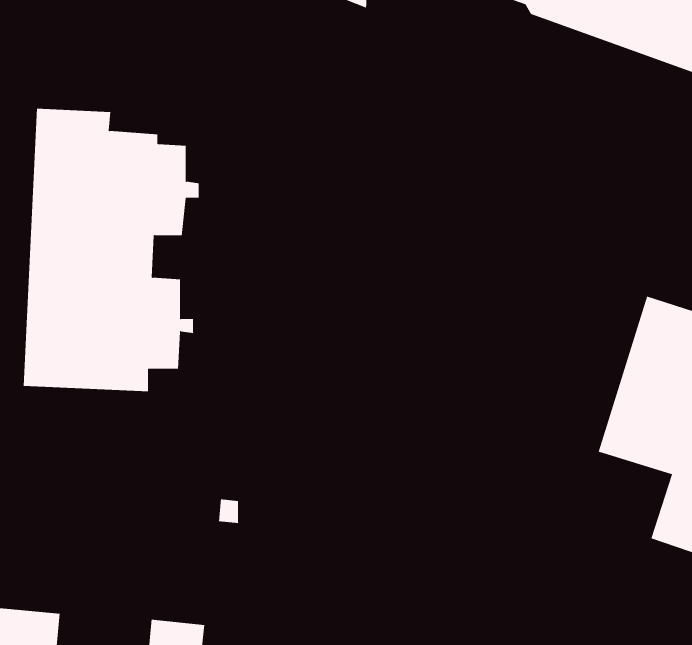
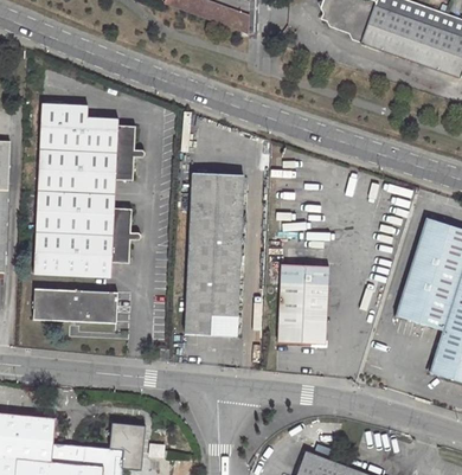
building: none -> [184,173,245,336]
building: none -> [277,263,329,344]
building: none -> [33,289,118,322]

